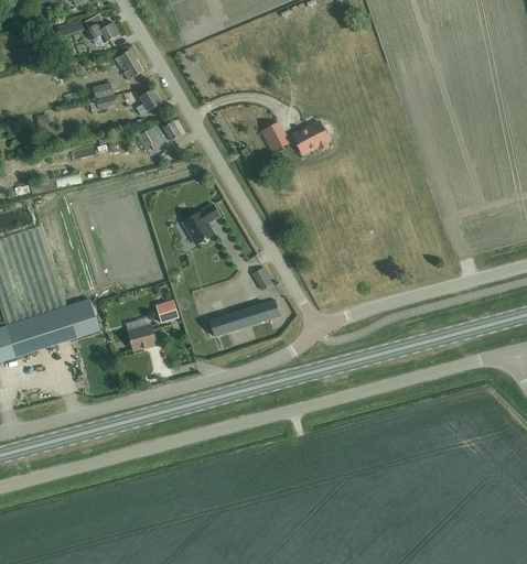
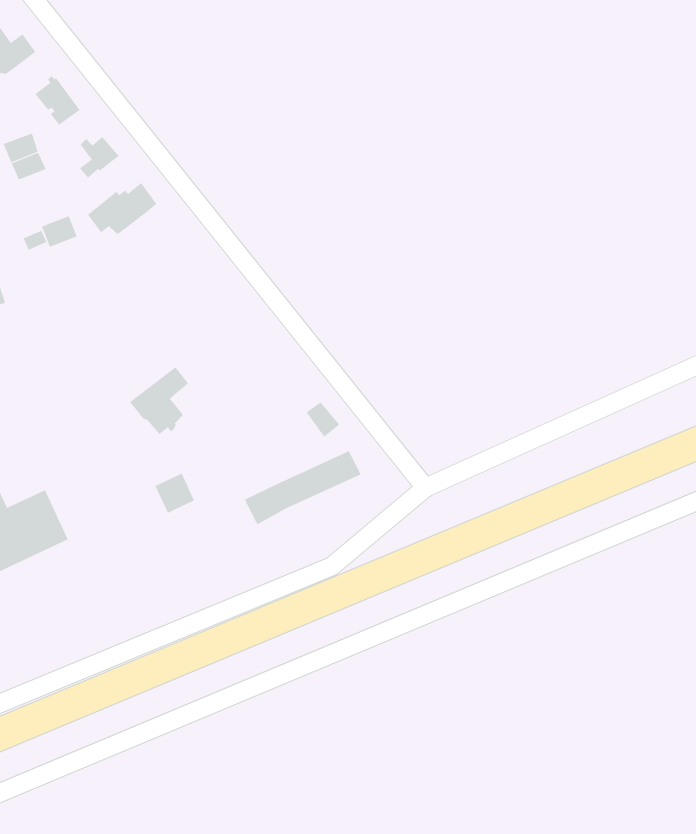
building: [261,120,329,154] -> none
building: [181,204,218,243] -> [129,367,189,435]
building: [126,321,157,350] -> none

